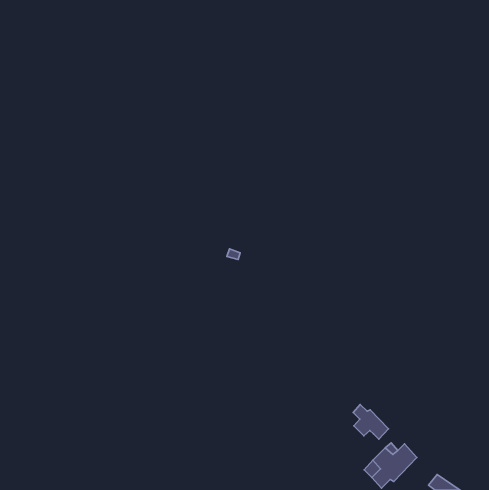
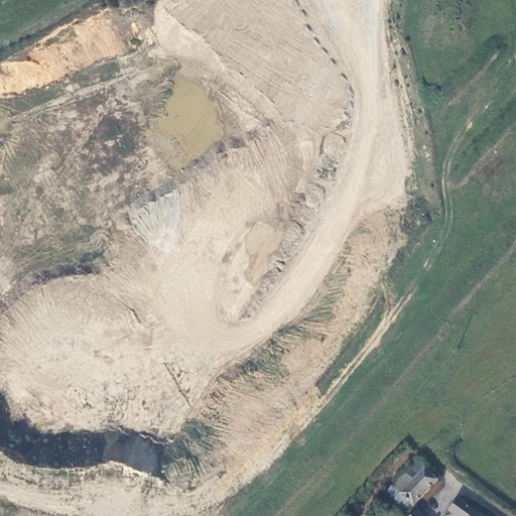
building: [353,404,388,439] -> none

